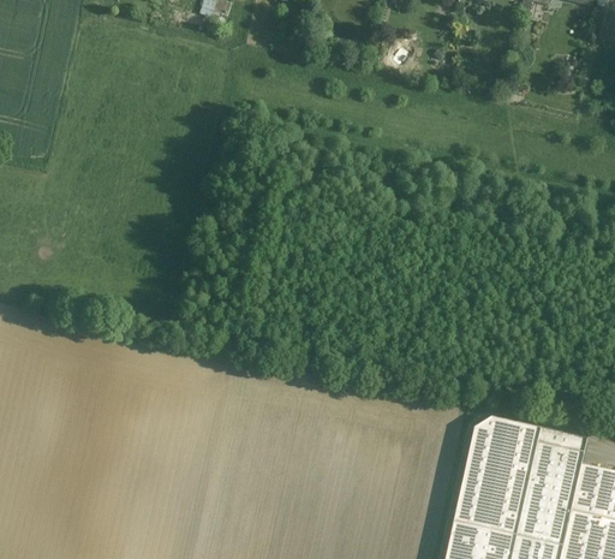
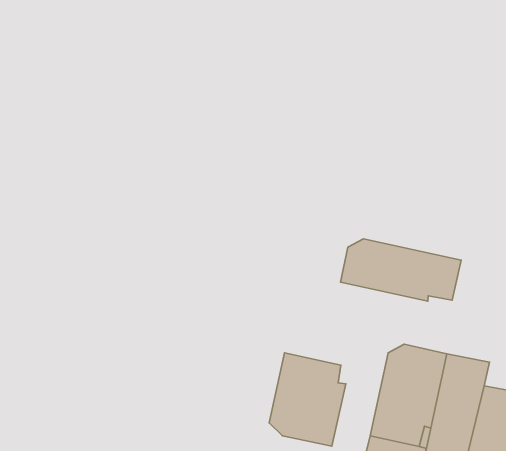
building: none -> [340,239,461,301]
building: none -> [269,353,346,446]

